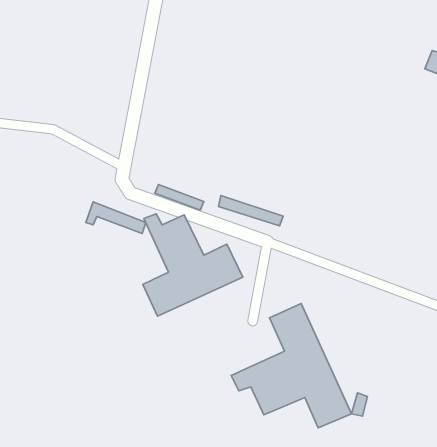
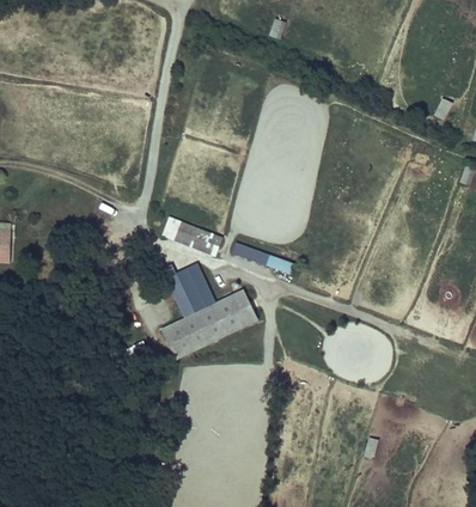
building: [86,202,146,233] -> [163,216,221,248]
building: [231,303,351,428] -> none

